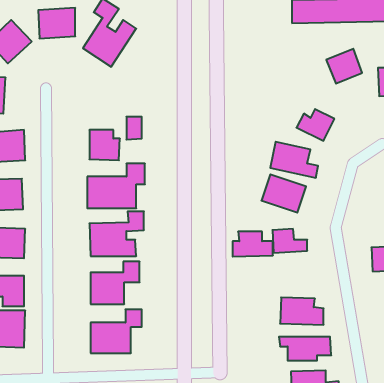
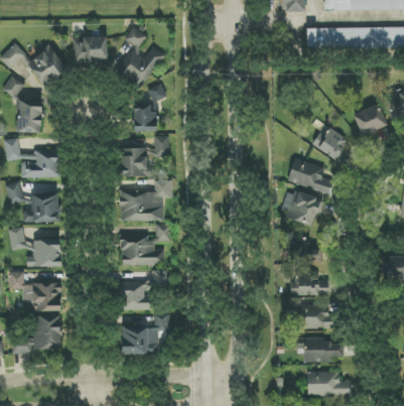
building: [326,49,362,84] -> [353,104,386,136]
building: none -> [133,89,163,131]
building: [233,232,273,257] -> [290,272,327,295]

